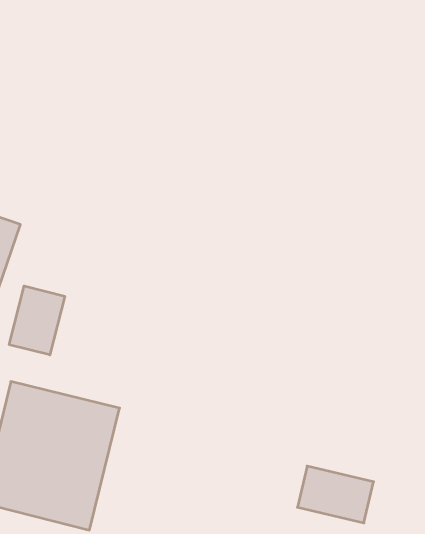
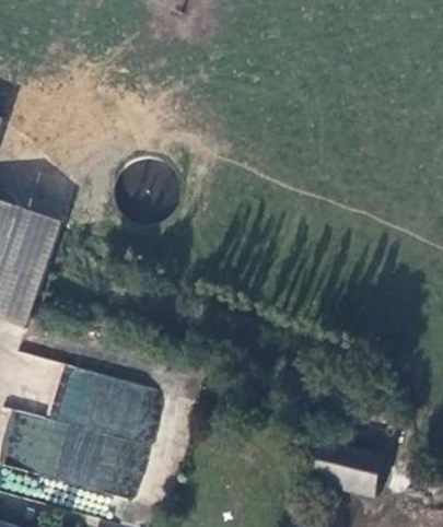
building: [9,286,65,355] -> none

